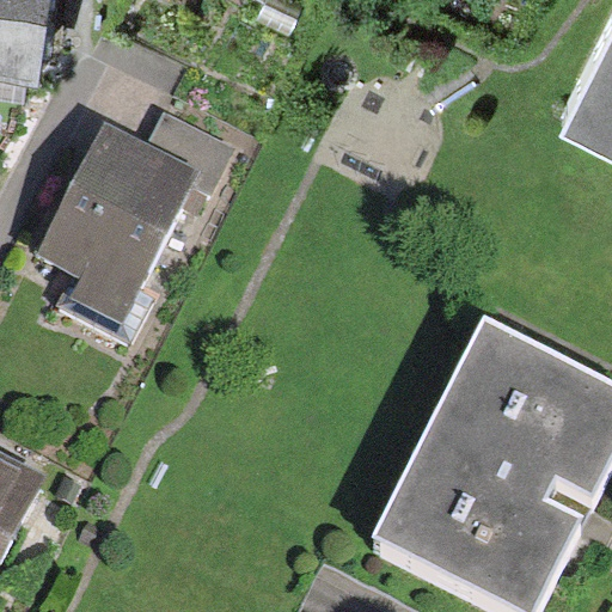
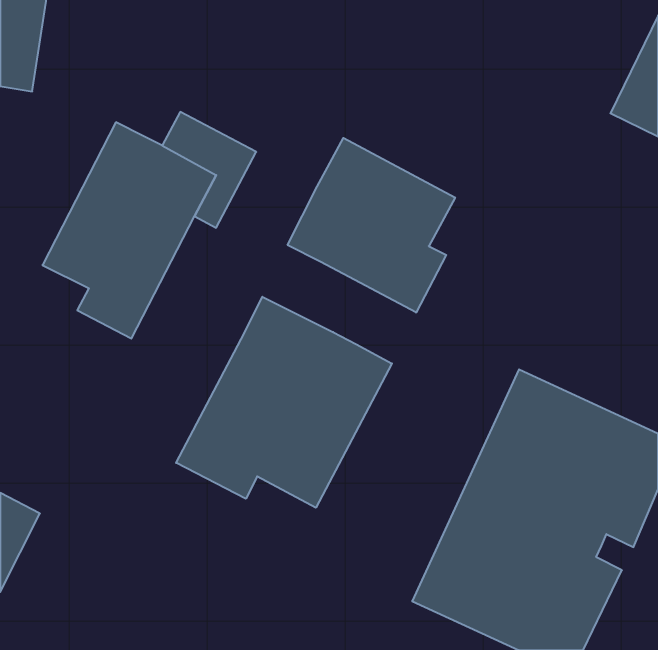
building: none -> [288,138,455,313]
building: none -> [176,297,392,508]

